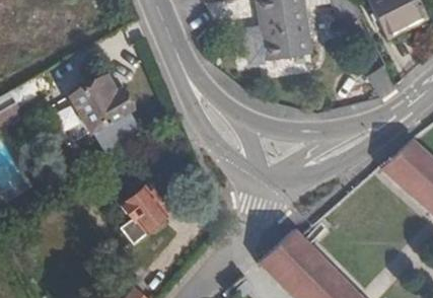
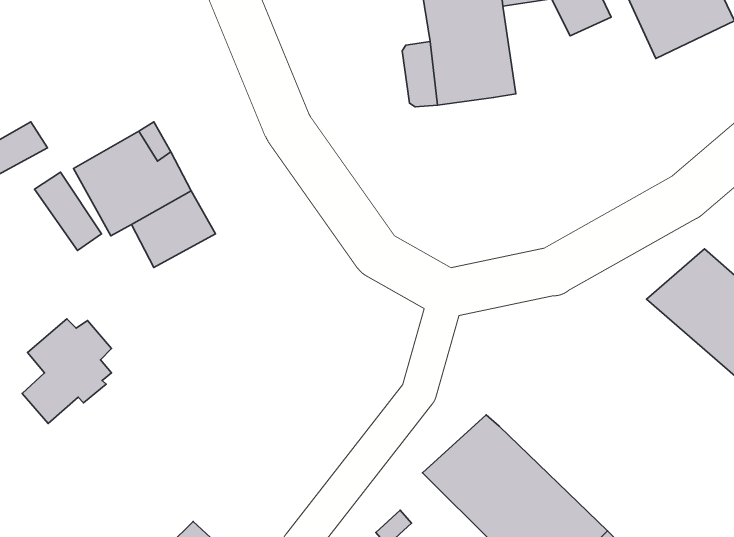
building: [117,185,165,242] -> [22,319,112,423]

